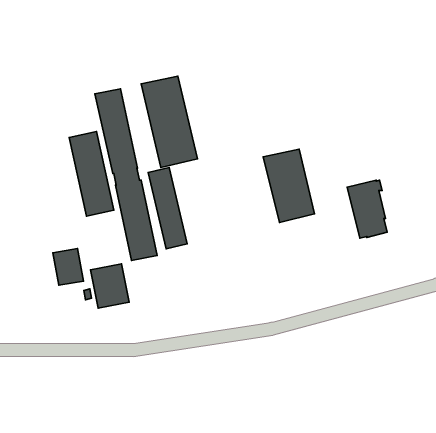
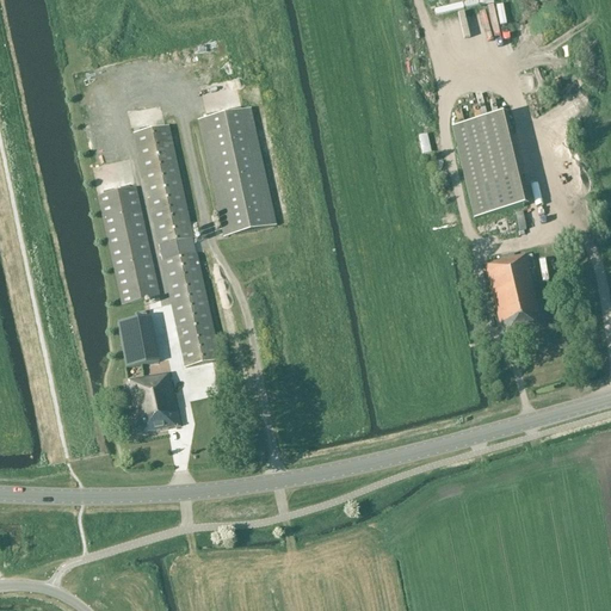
building: [263,149,315,223] -> [452,112,524,215]
building: [148,168,187,249] -> none
building: [53,249,84,285] -> [117,314,160,365]

